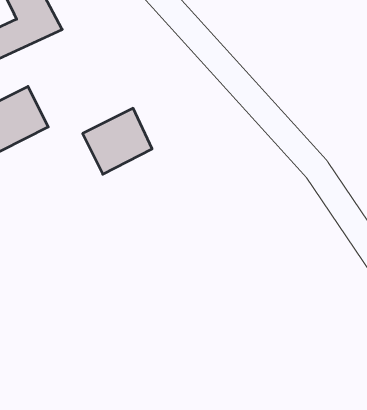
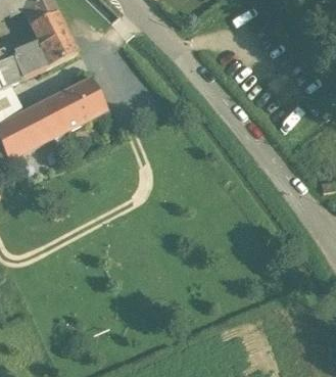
building: [83,108,152,174] -> [47,79,103,132]

